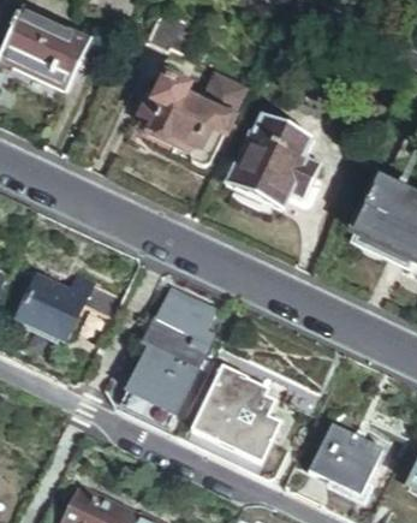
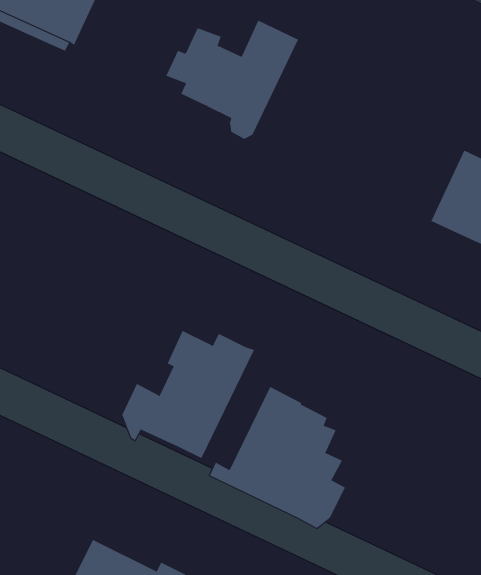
building: [226,112,320,207] -> none
building: [13,271,125,338] -> none
building: [153,286,214,331] -> none
building: [308,420,382,492] -> none

